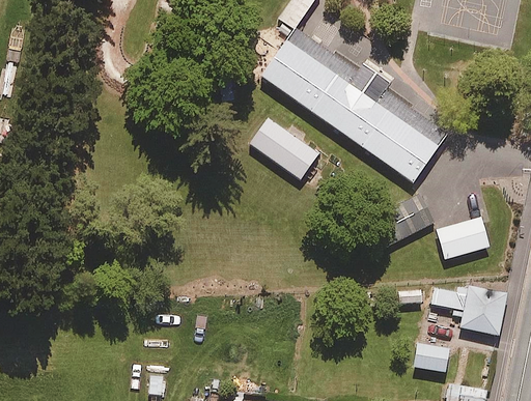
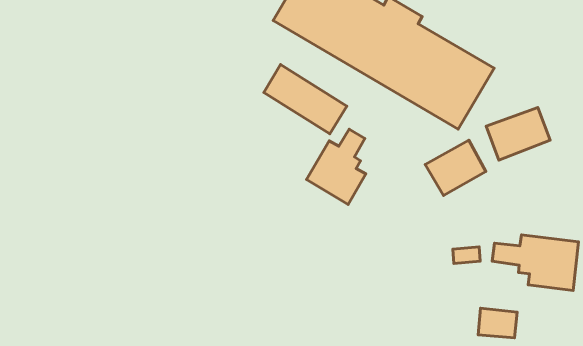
building: none -> [307,129,366,204]
building: [437,217,491,259] -> [486,107,550,160]

